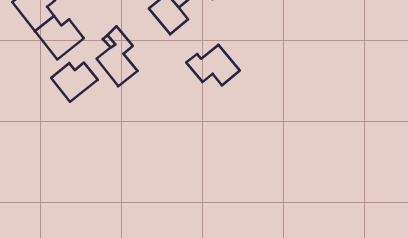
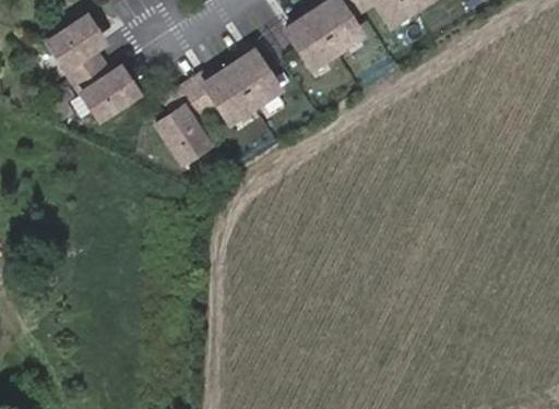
building: [186,45,240,85] -> [182,68,249,120]
building: [51,63,98,102] -> none

